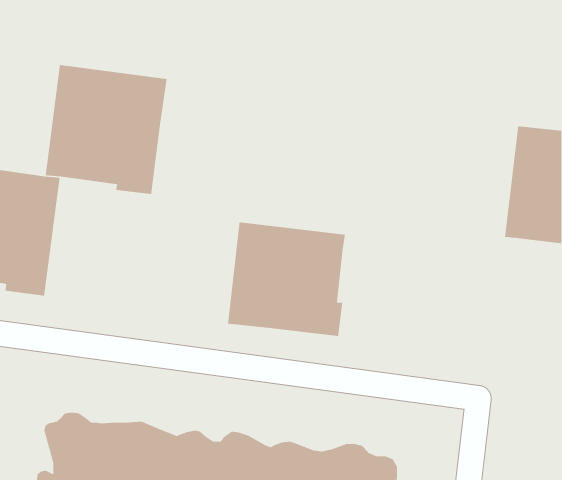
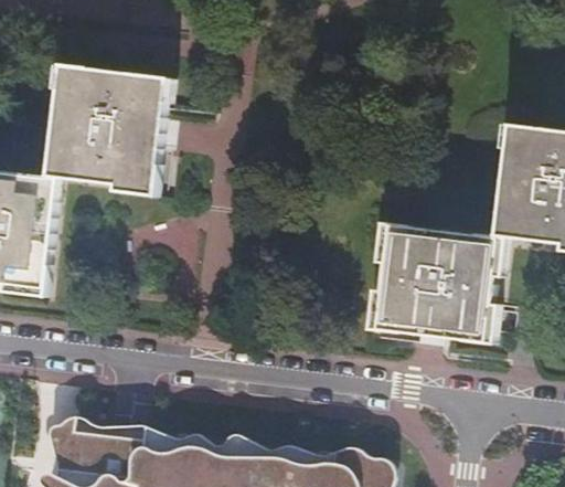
building: [227,222,346,337] -> none
building: none -> [379,231,509,348]

